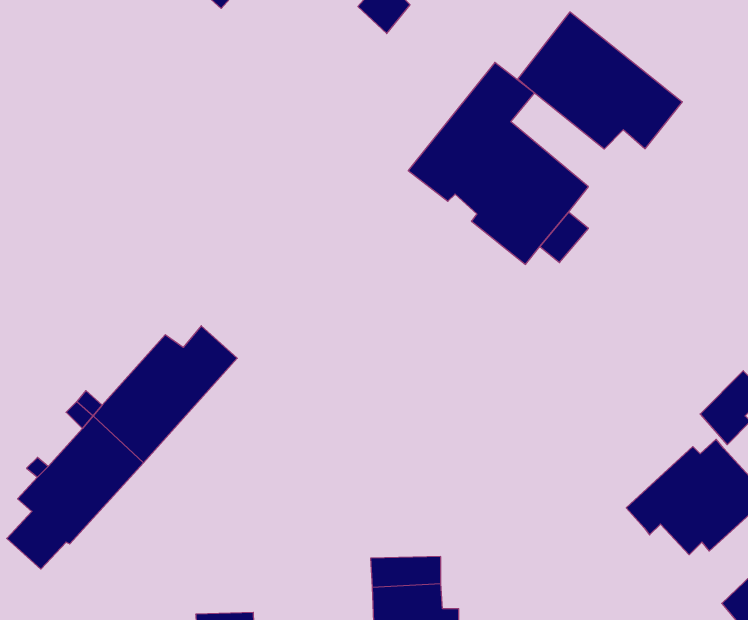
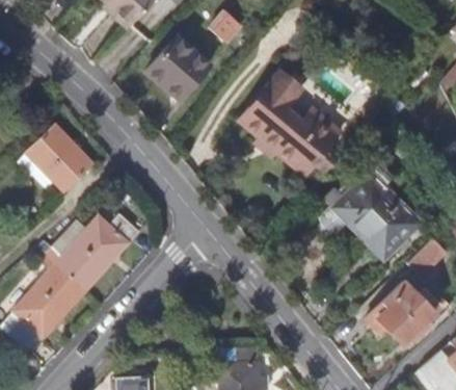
building: [518,12,682,149] -> none
building: none -> [140,45,203,107]
building: none -> [27,125,93,191]
building: none -> [332,172,421,260]

